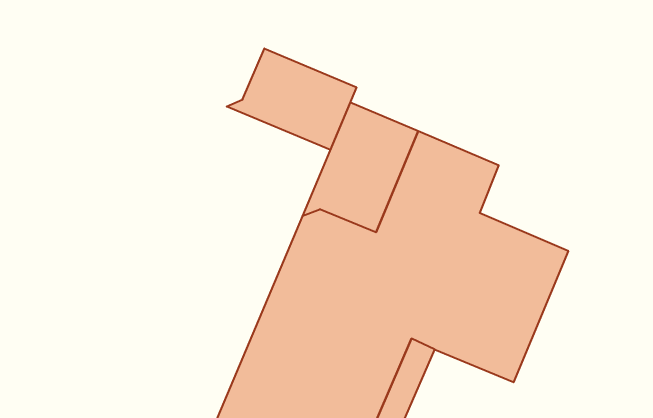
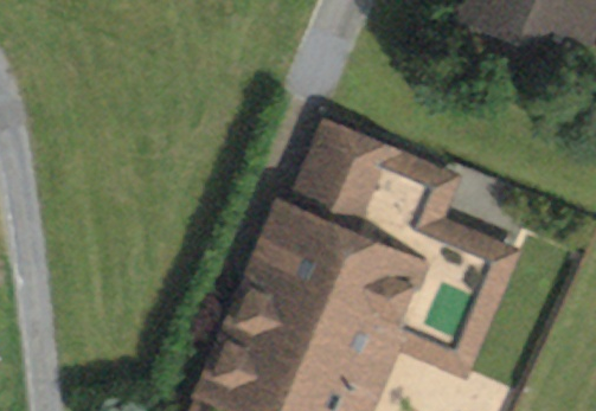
building: [227,48,356,150] -> none

